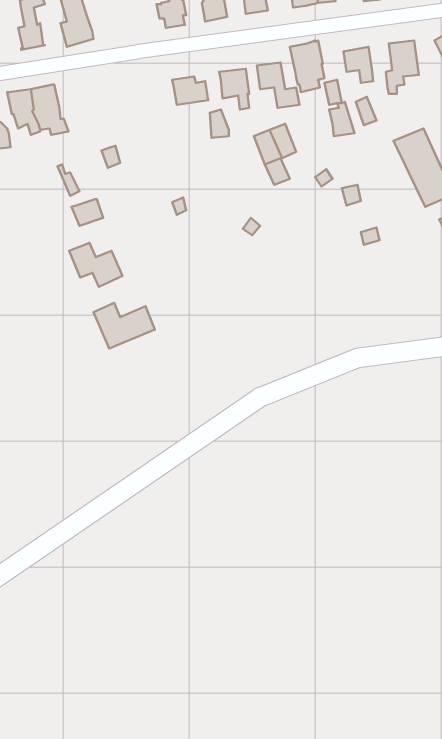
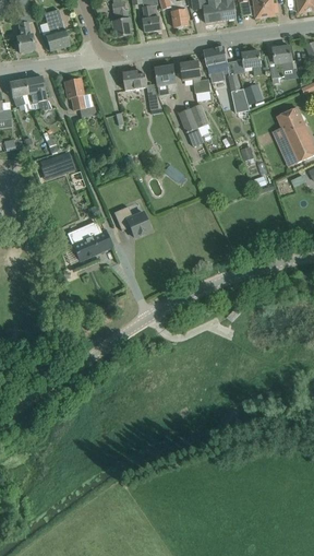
building: none -> [64,78,94,116]
building: [69,243,122,287] -> [112,205,149,236]

